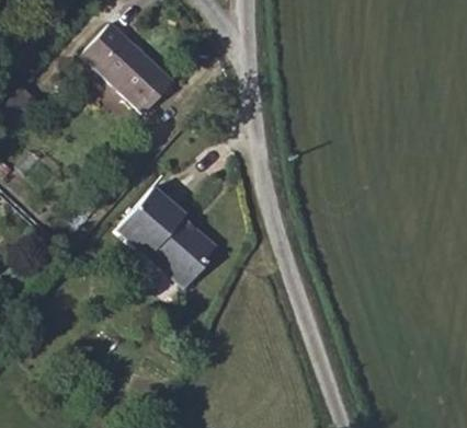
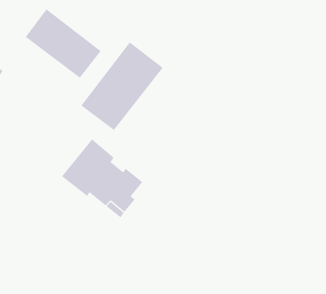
building: none -> [81,41,164,131]

